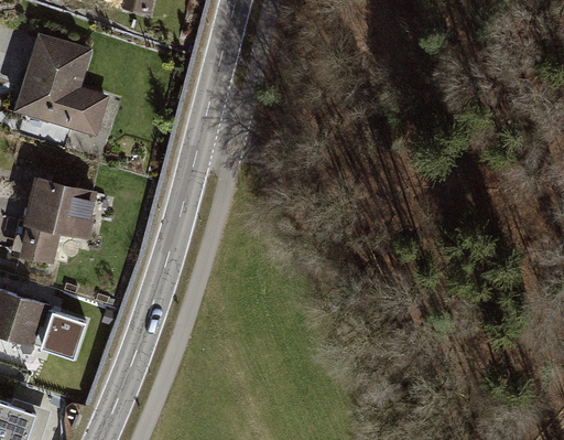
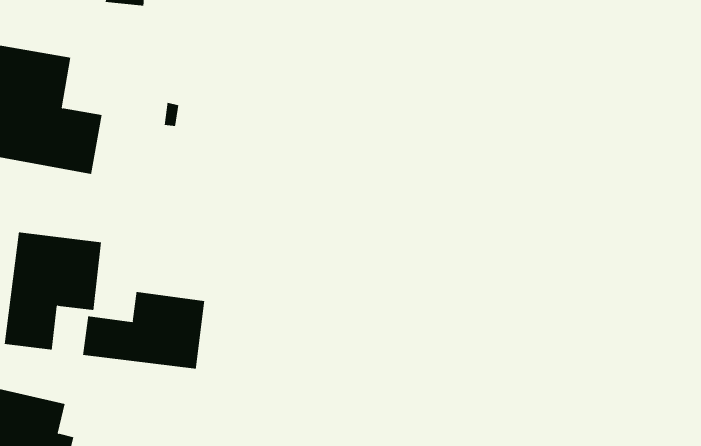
building: none -> [83,291,205,370]

